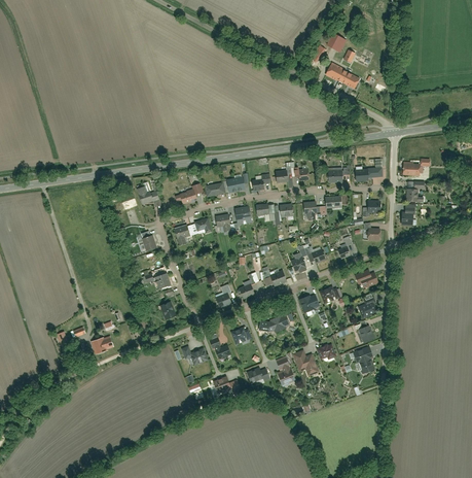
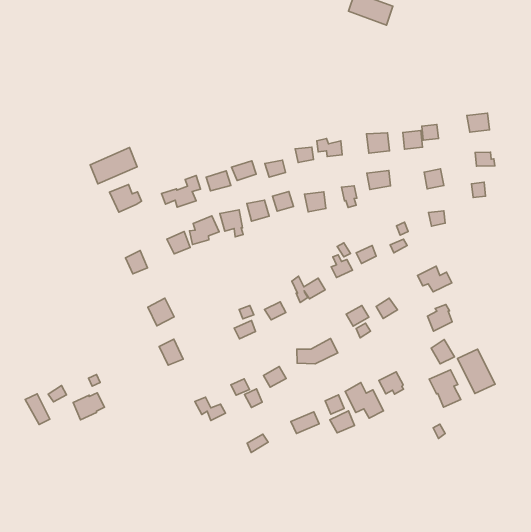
building: none -> [90,147,137,184]
building: none -> [458,349,495,394]

